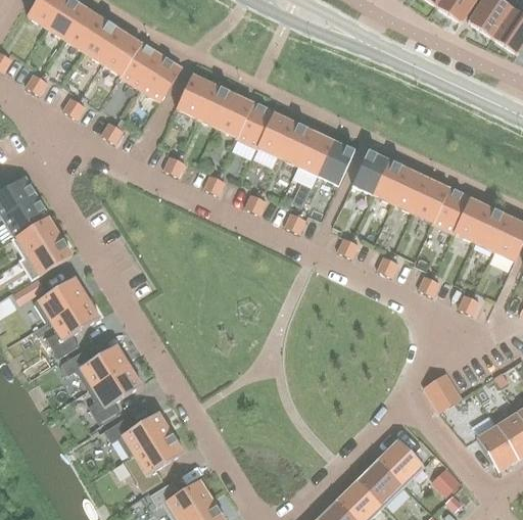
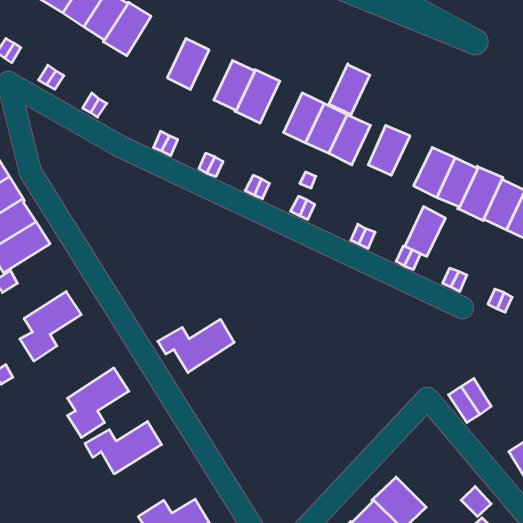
building: [140,54,182,102] -> none
building: [196,84,233,128] -> none
building: [257,111,294,156] -> [328,64,370,115]
building: [373,159,409,203] -> [405,207,445,256]
building: [33,276,87,323] -> none
building: [61,343,129,390] -> [158,319,234,373]
building: [123,431,184,492] -> none
building: [377,439,425,486] -> none

